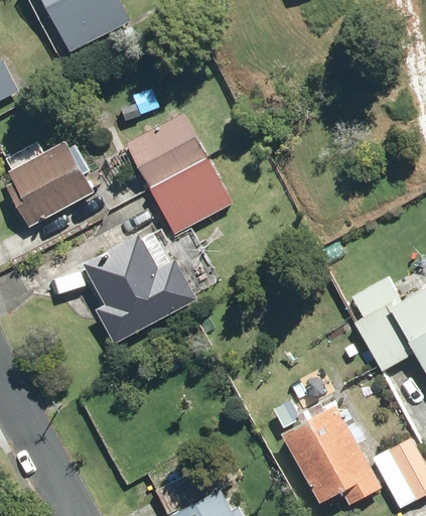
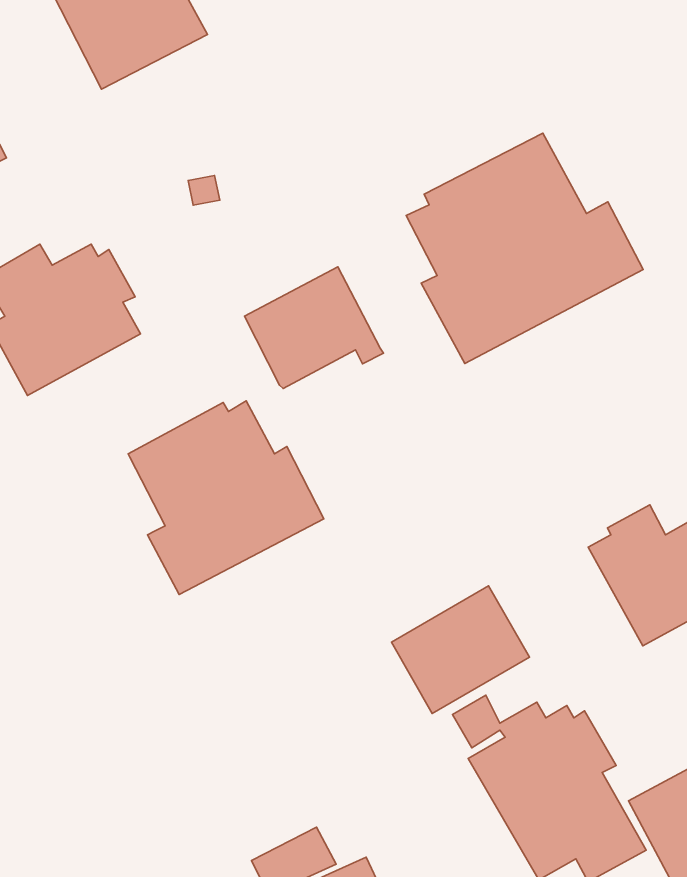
building: none -> [406,133,643,363]
building: [126,112,206,185] -> none
building: none -> [391,586,529,714]

